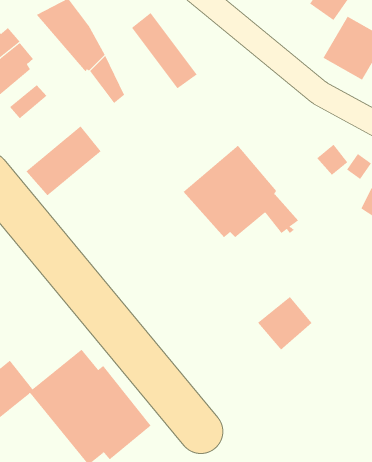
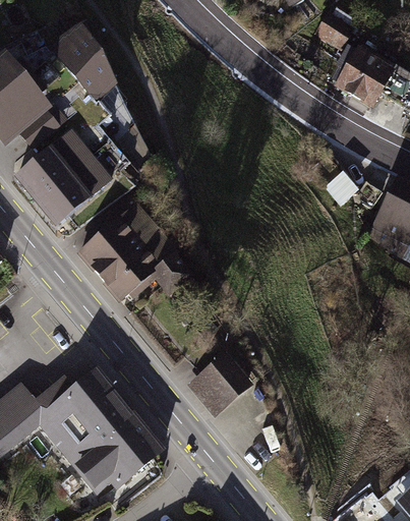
building: [131,12,198,89] -> none
building: none -> [15,127,91,197]
building: [183,145,299,238] -> [79,204,194,296]
building: [257,296,313,350] -> [191,357,246,411]

